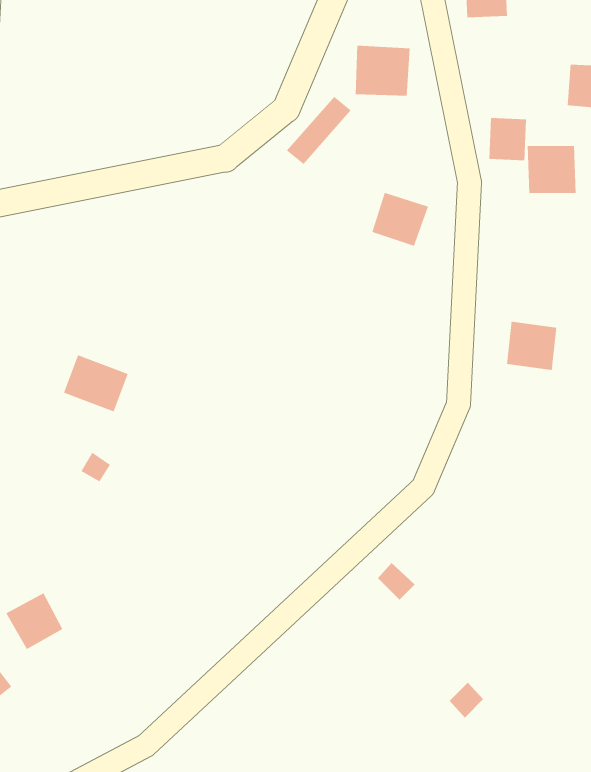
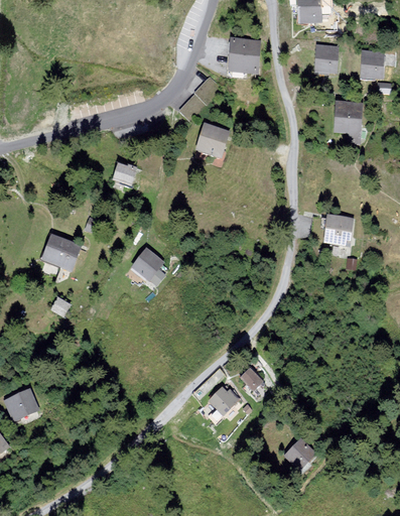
building: [489,118,527,161] -> [313,46,338,74]
building: [372,192,429,246] -> [195,124,232,158]
building: none -> [112,161,138,184]
building: none -> [130,248,162,280]
building: none -> [209,384,240,415]

